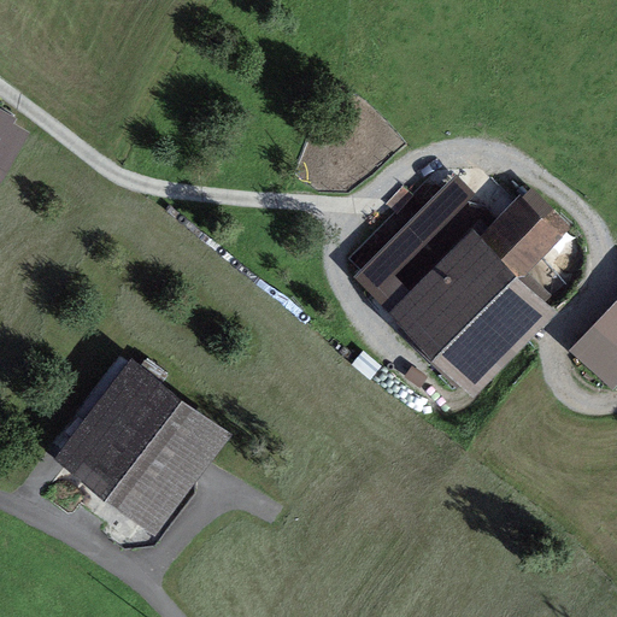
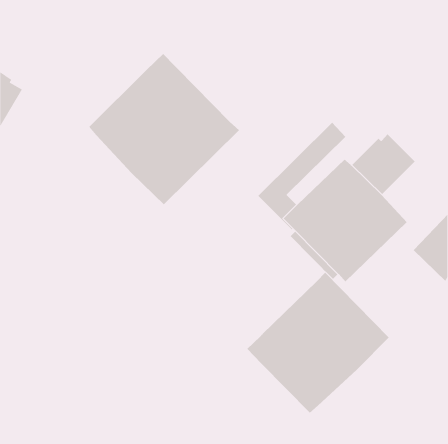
building: none -> [88,53,240,205]
building: [52,353,233,533] -> none
building: none -> [246,272,389,413]

